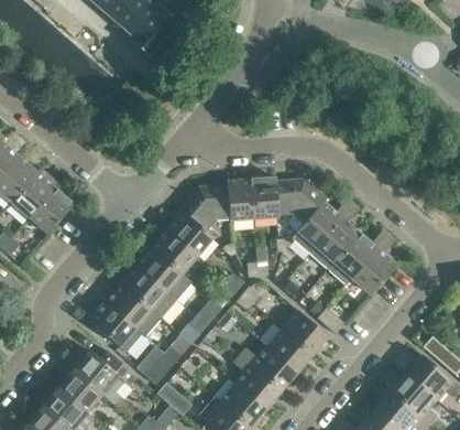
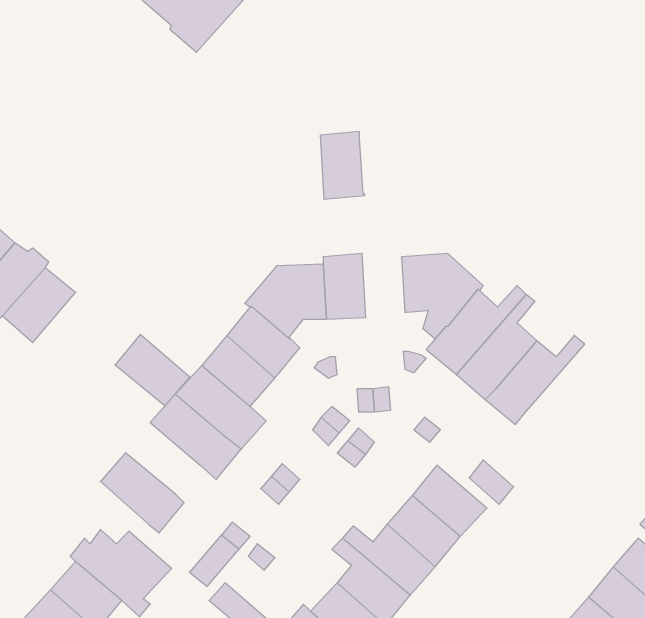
building: [251,176,278,218] -> [320,132,365,199]
building: [351,235,395,293] -> none
building: [105,283,151,327] -> [115,335,190,406]

